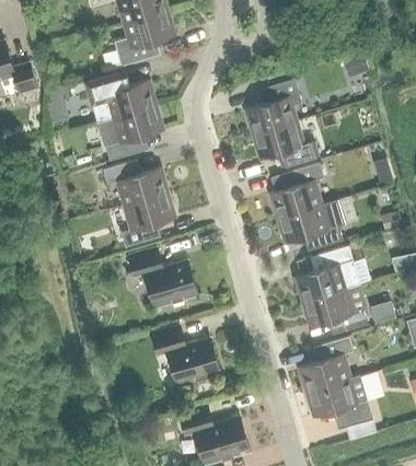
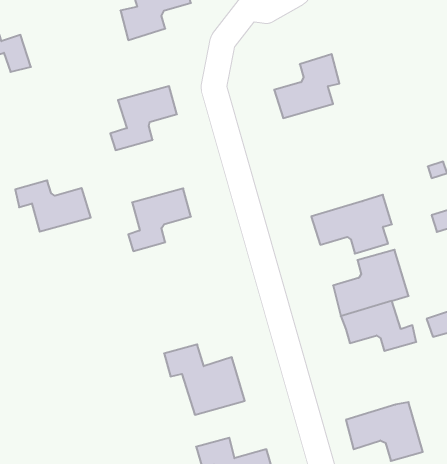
building: [91,75,155,123] -> none
building: [253,123,317,166] -> none
building: [103,163,167,207] -> [15,180,91,232]
building: [270,164,324,219] -> none
building: [128,249,197,311] -> none
building: [299,338,353,393] -> none

